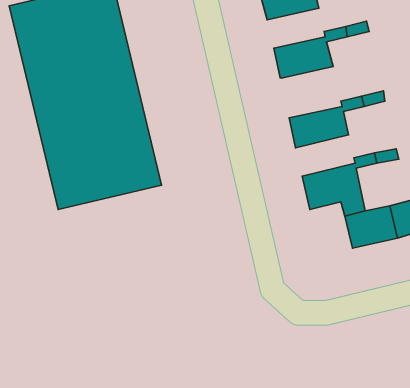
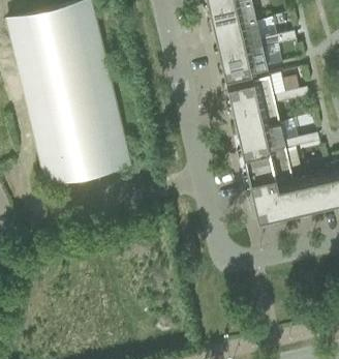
building: none -> [215,21,261,53]
building: none -> [226,76,275,109]
building: none -> [238,122,285,155]
building: none -> [249,176,283,218]

